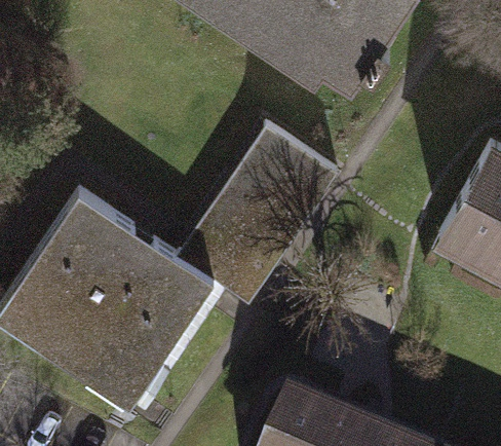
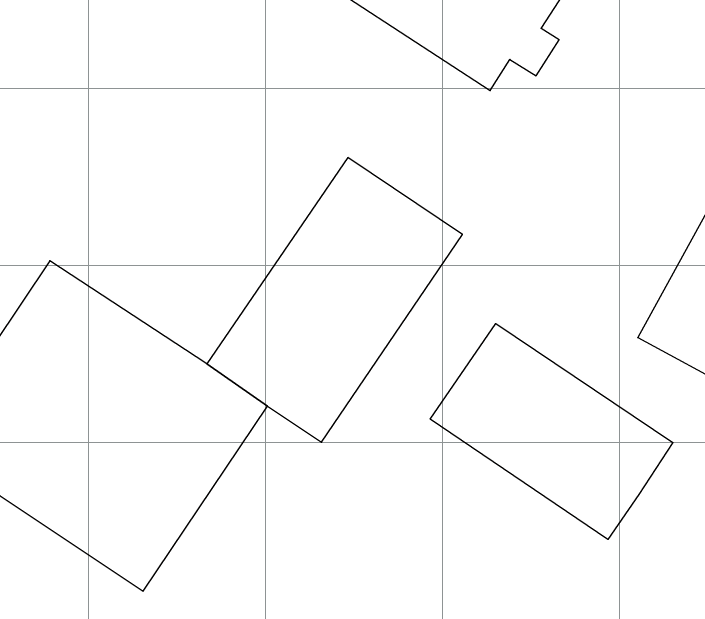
building: none -> [430,324,673,539]

